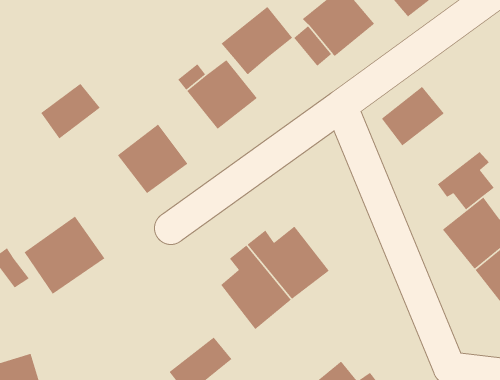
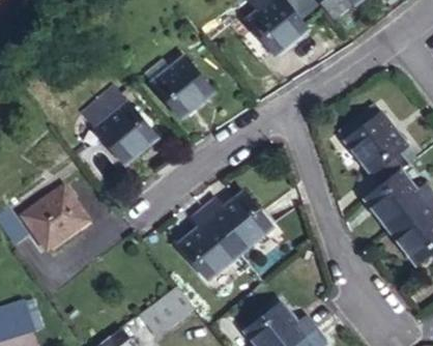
building: [221,6,293,76] -> none
building: [40,83,101,139] -> [82,89,132,136]
building: [381,86,445,146] -> [343,110,396,160]

